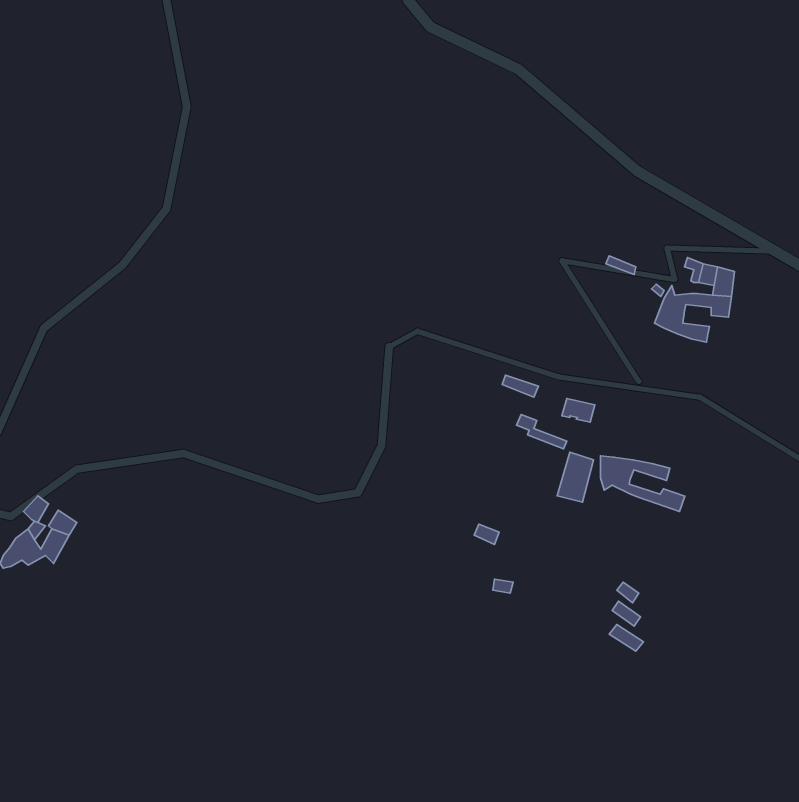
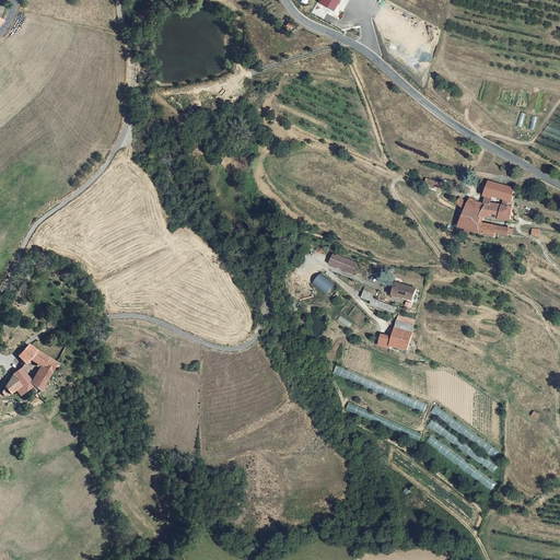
building: [600,456,685,512] -> none

